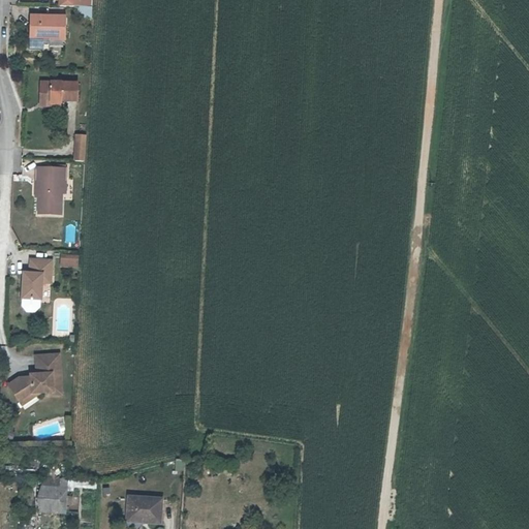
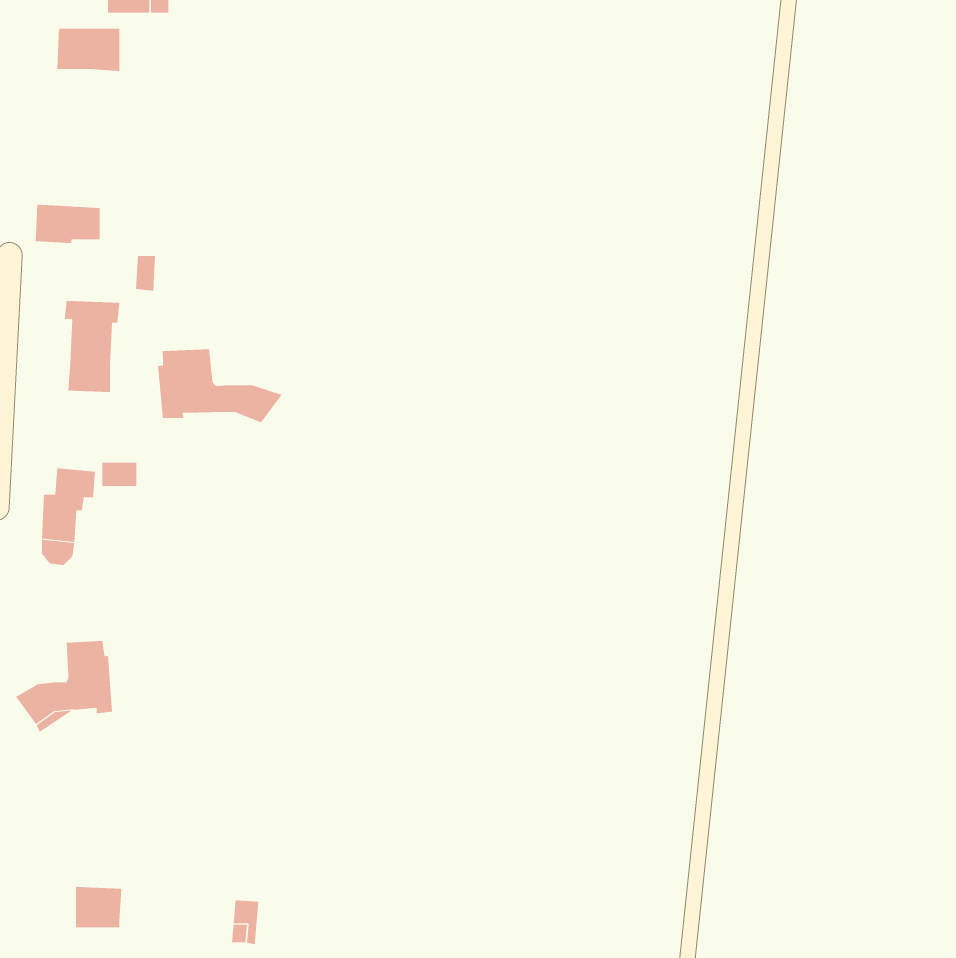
building: [39,81,75,102] -> [35,204,100,243]
building: none -> [158,348,282,423]
building: [141,496,158,522] -> none

